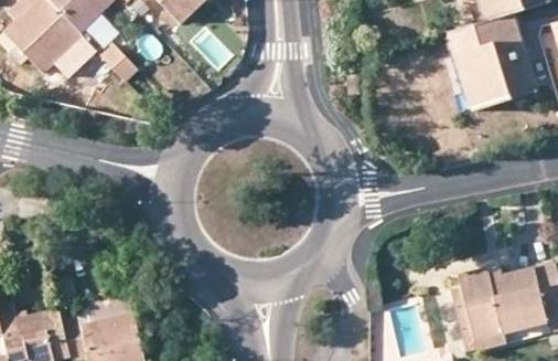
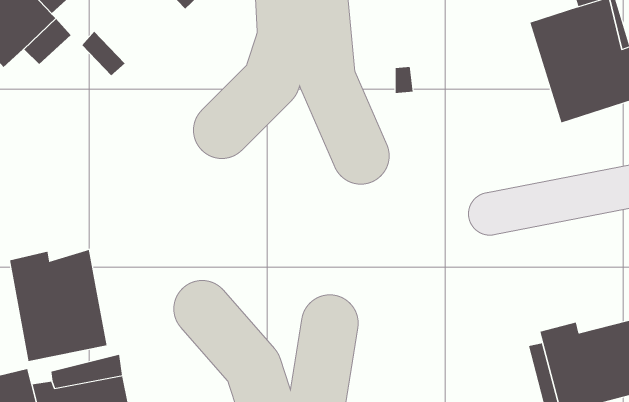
building: none -> [9,249,107,362]

